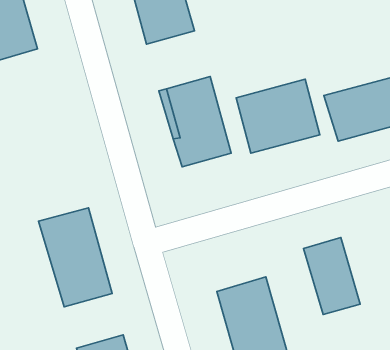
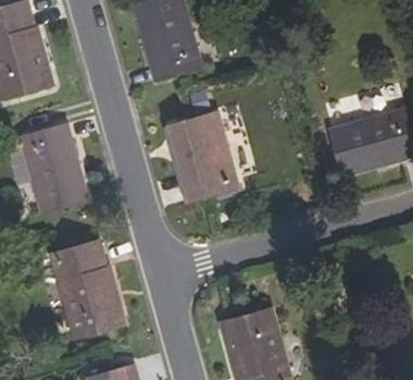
building: [236,79,320,153] -> none
building: none -> [17,124,86,212]
building: [304,238,360,315] -> none

